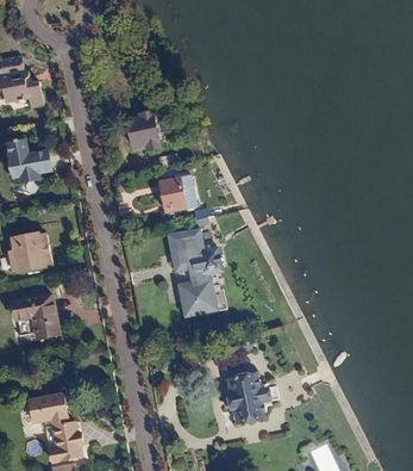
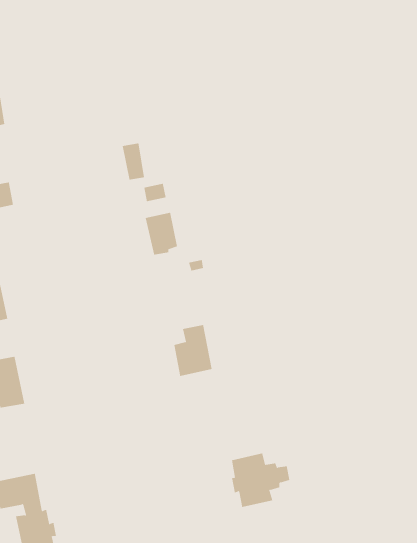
building: [170,231,217,273] -> none

